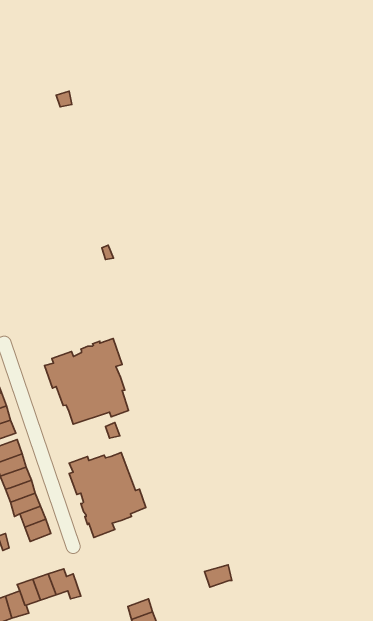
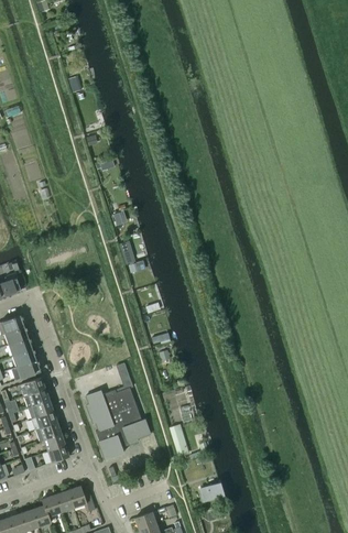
building: [44,338,128,424] -> none

